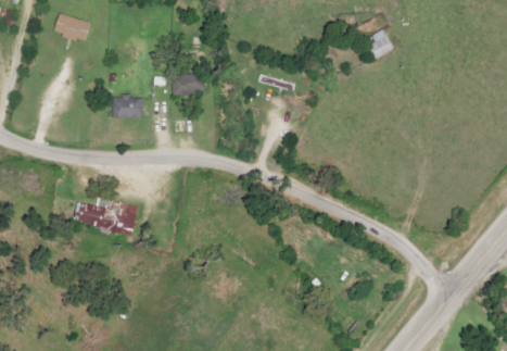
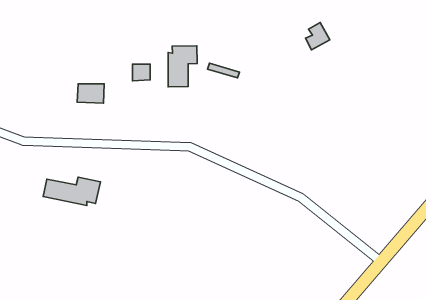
building: [53,13,91,41] -> none
building: none -> [168,46,197,87]

